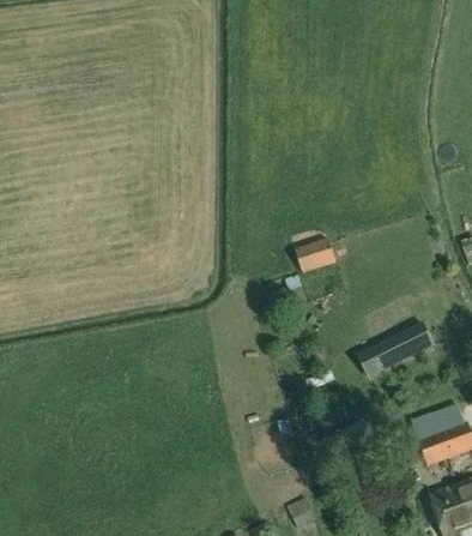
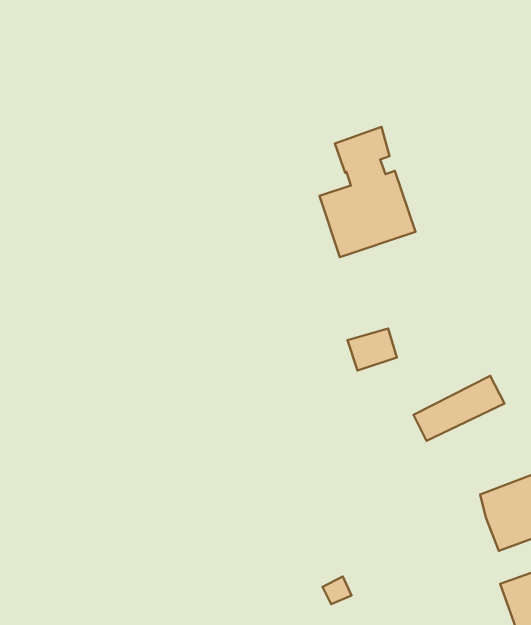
building: none -> [319,127,415,257]
building: [292,239,333,273] -> [348,328,397,370]

